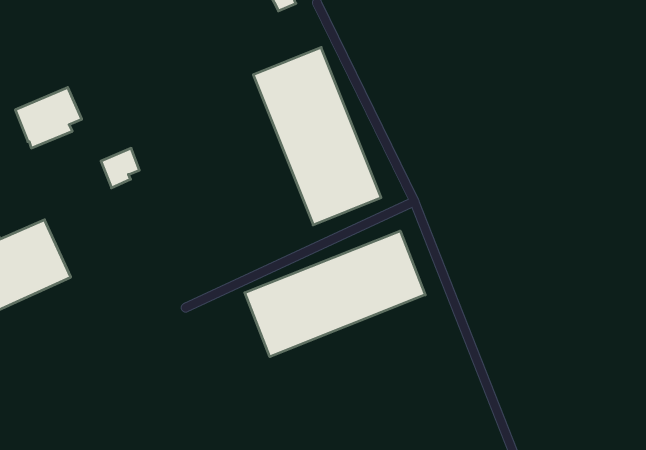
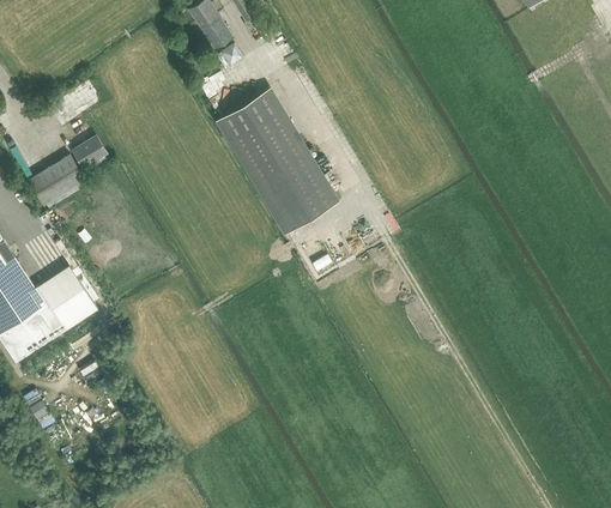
building: [101,148,139,188] -> [73,135,105,170]
building: [245,231,425,357] -> none

